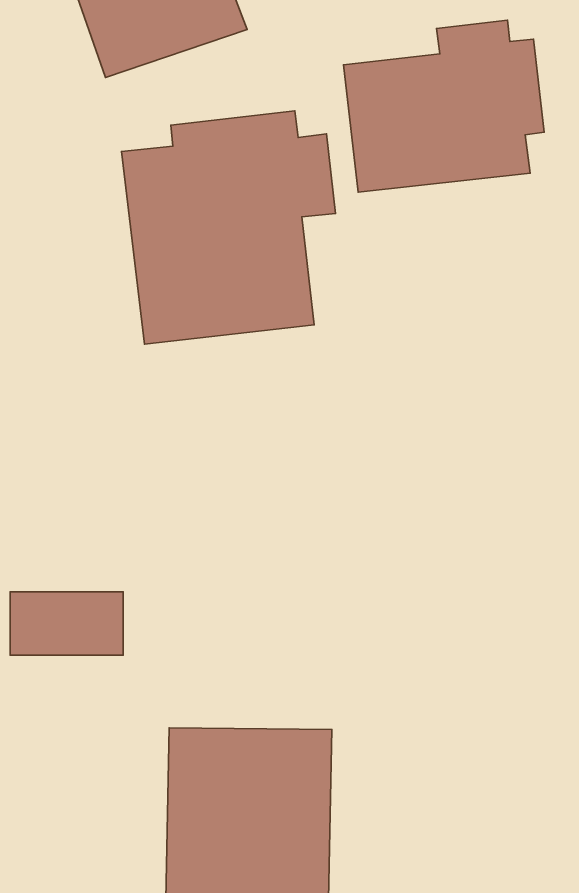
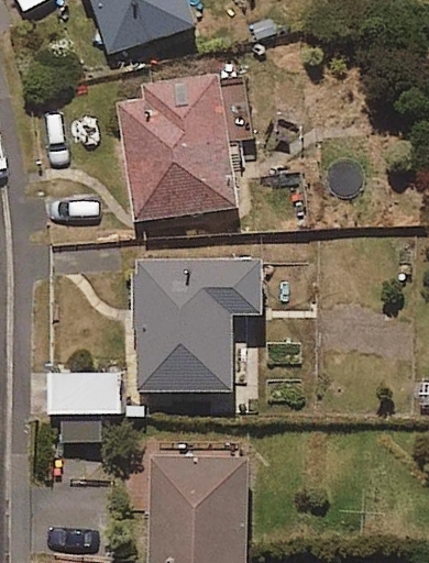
building: [343,20,544,192] -> none
building: none -> [130,251,265,394]

